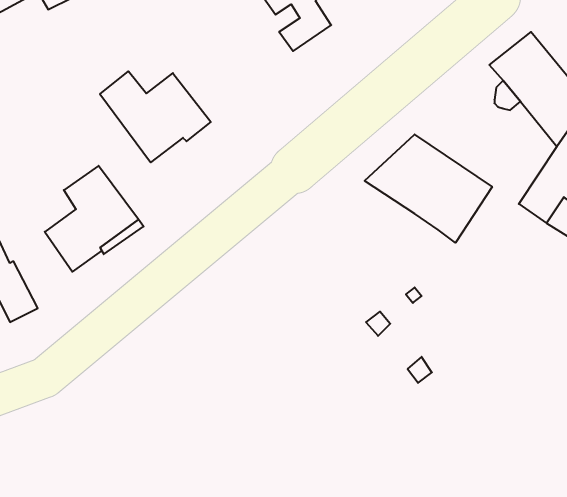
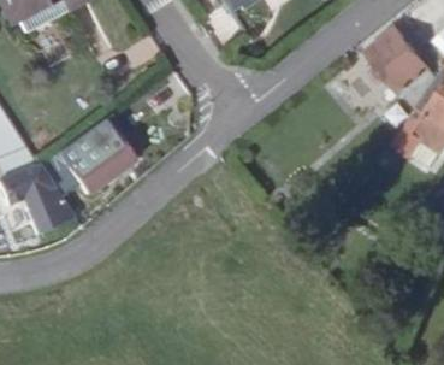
building: [100,71,211,162] -> none
building: [365,134,492,243] -> none

